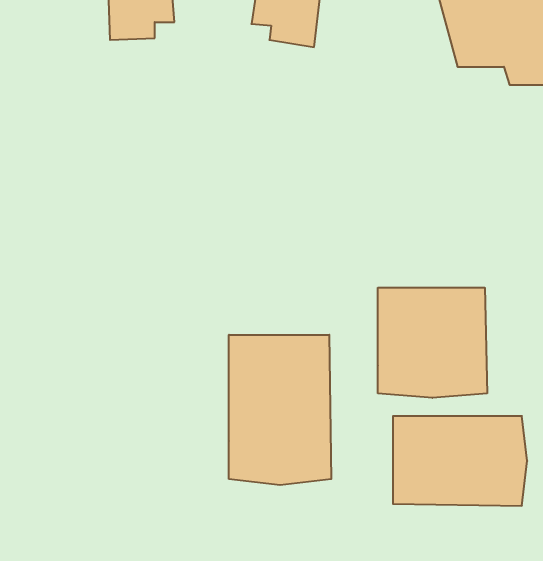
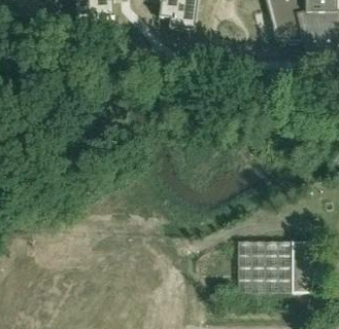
building: [378,288,487,398] -> none
building: [229,335,331,485] -> none

